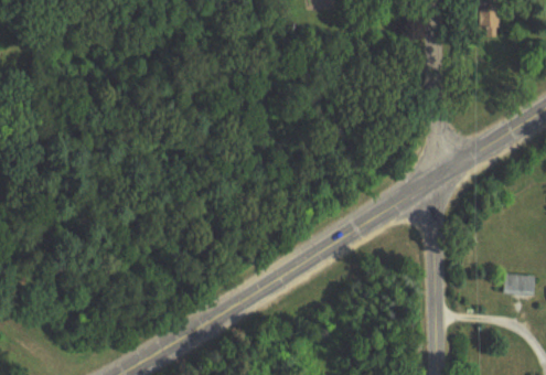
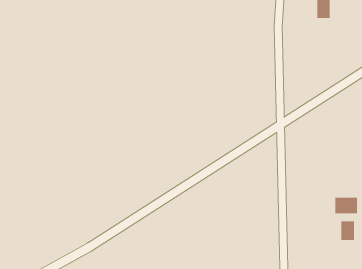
building: none -> [341,221,355,241]

